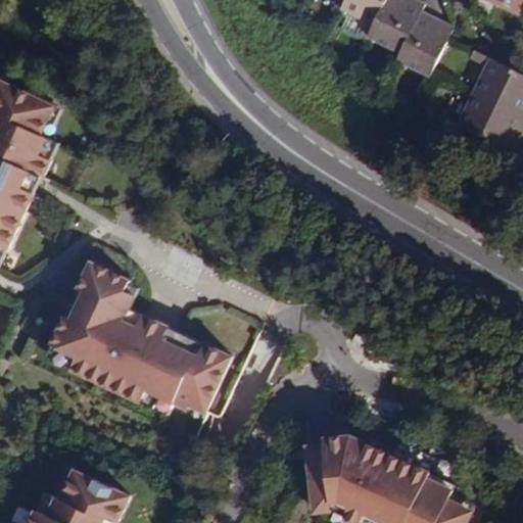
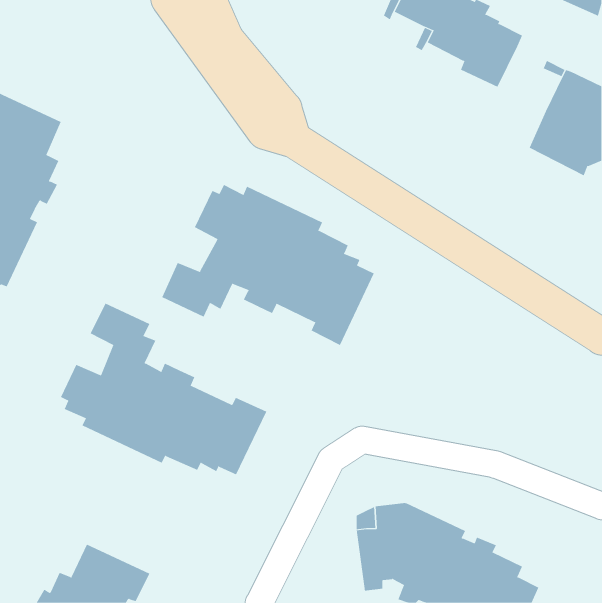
building: none -> [161,184,374,346]

